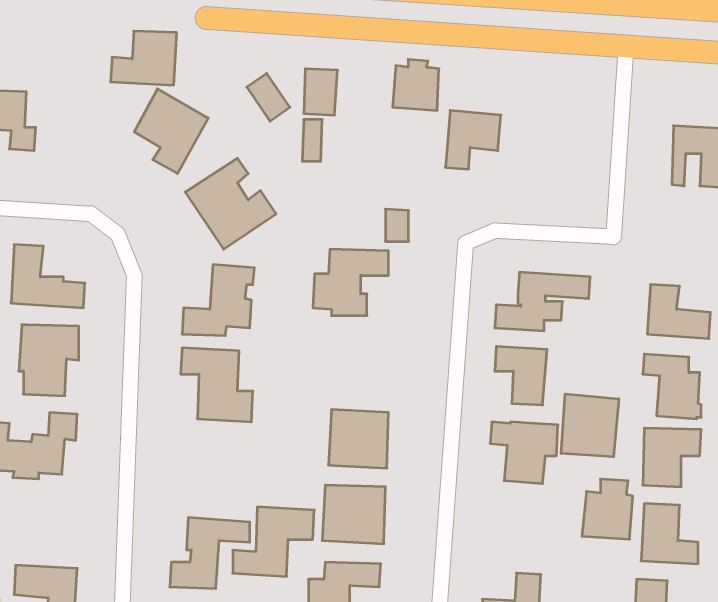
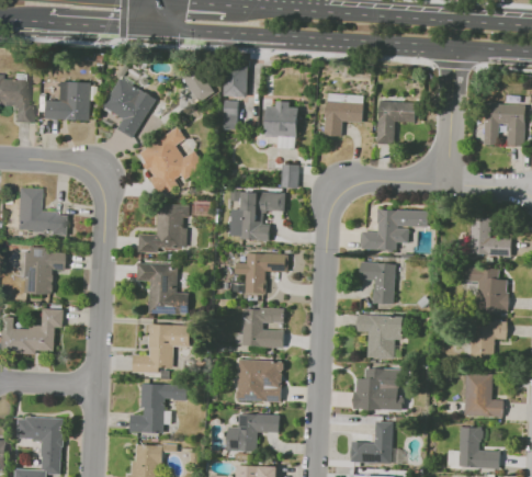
building: [111,31,177,85] -> [44,81,91,120]
building: [393,59,439,110] -> [264,101,297,137]
building: none -> [377,100,417,143]
building: none -> [235,252,287,293]
building: [561,394,619,457] -> none
building: [582,479,633,539] -> [352,368,388,411]
building: [233,507,314,576] -> [133,323,191,373]

